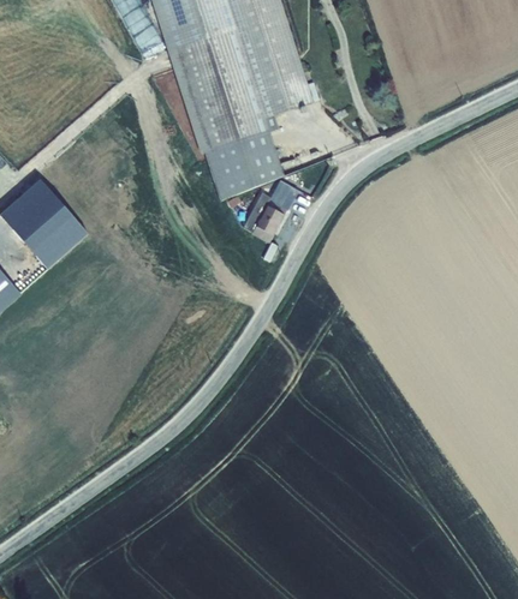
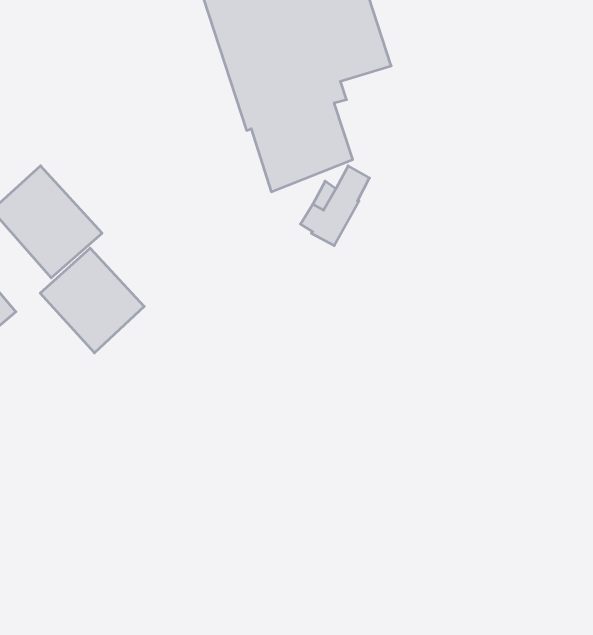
building: none -> [40,248,144,353]

